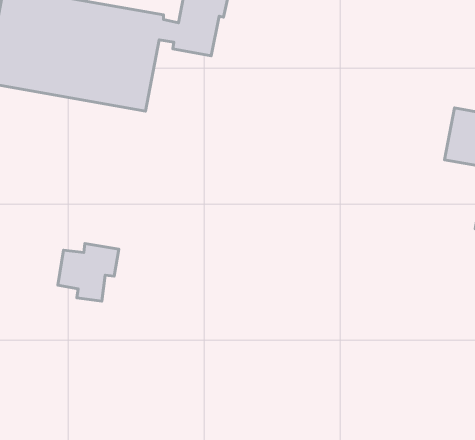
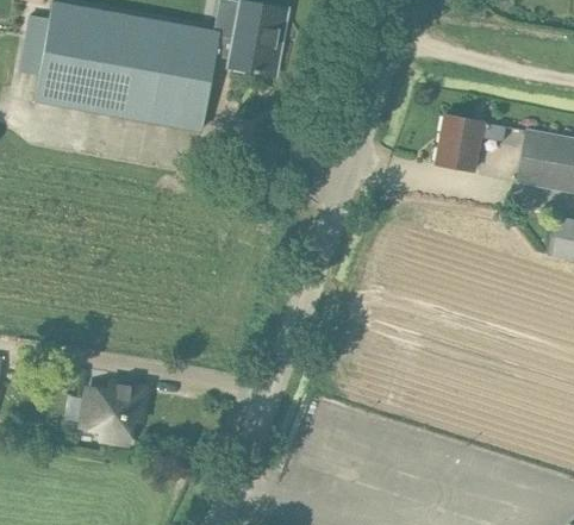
building: none -> [435,113,505,170]
building: [58,243,119,301] -> [81,382,145,443]

